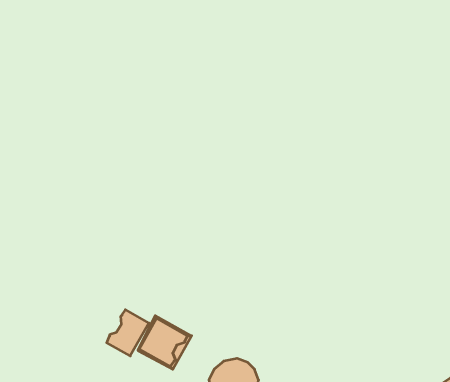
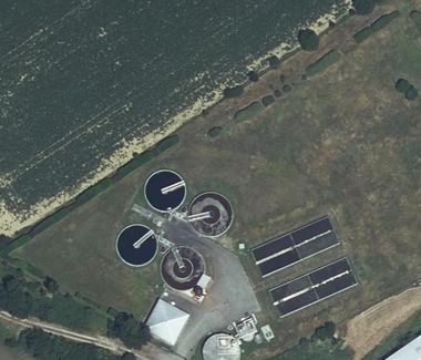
building: [107,310,149,356] -> none

